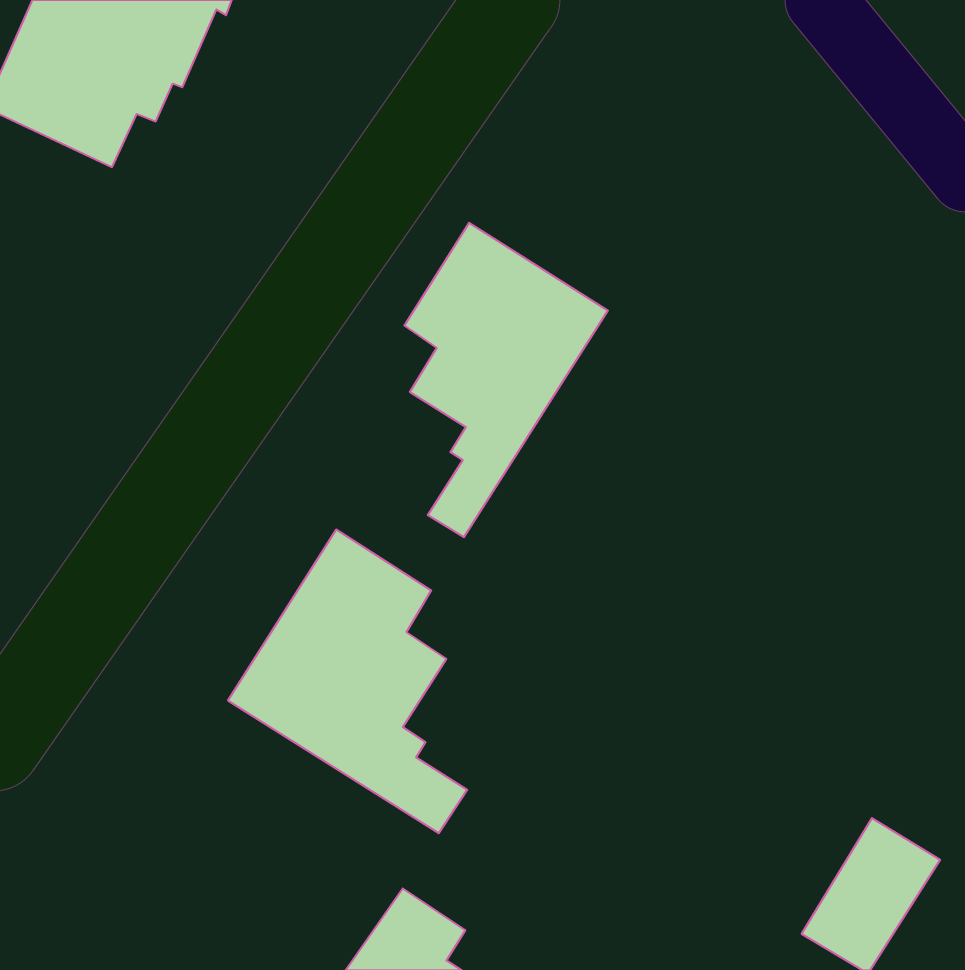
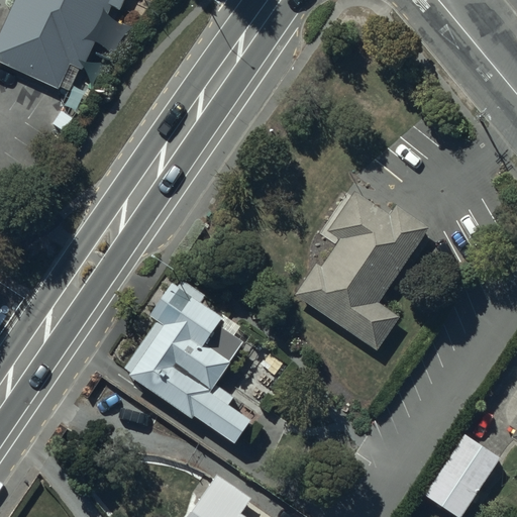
building: [404,223,608,537] -> none
building: none -> [295,191,428,349]

